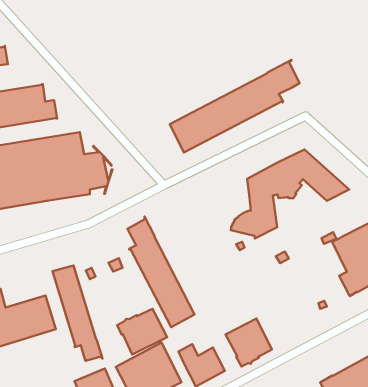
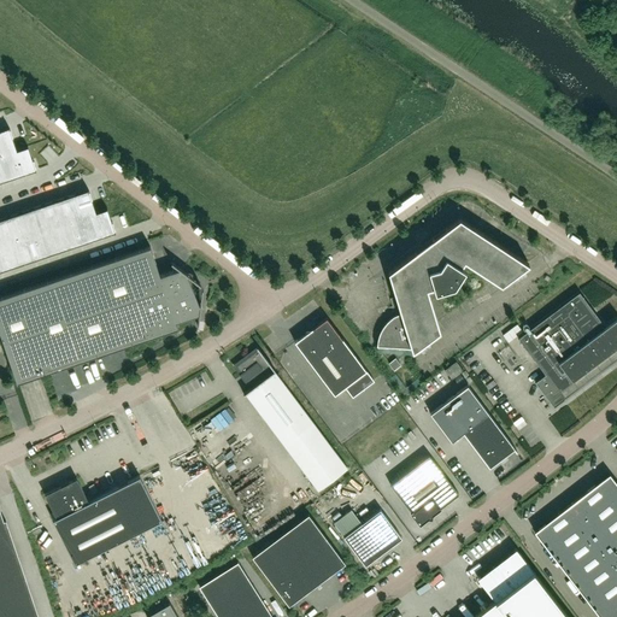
building: [170,60,300,152] -> none
building: none -> [294,321,374,399]
building: [52,265,102,361] -> none
building: none -> [430,387,517,470]
building: [117,309,167,354] -> none

